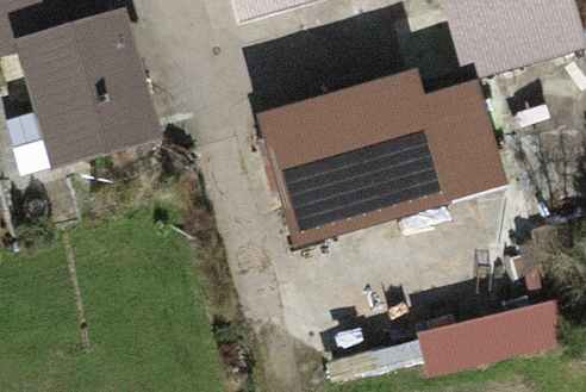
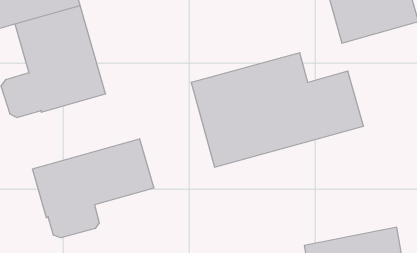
building: none -> [33,139,154,238]

